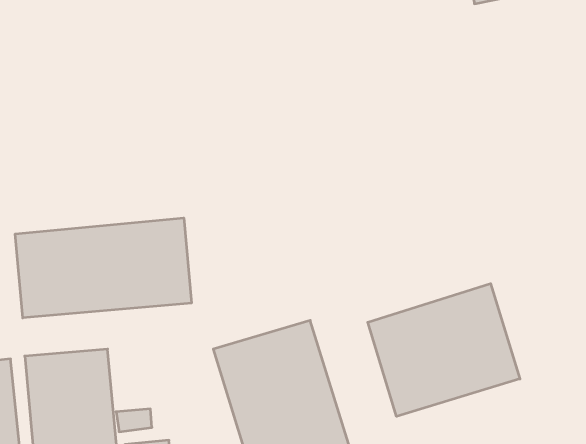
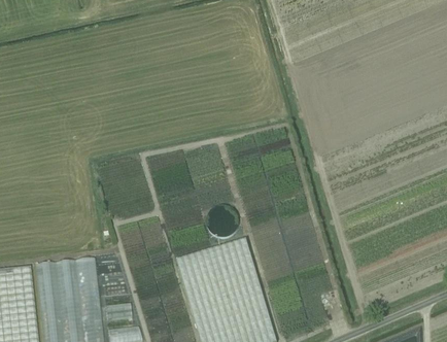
building: [15,218,191,318] -> none
building: [368,284,520,416] -> none

